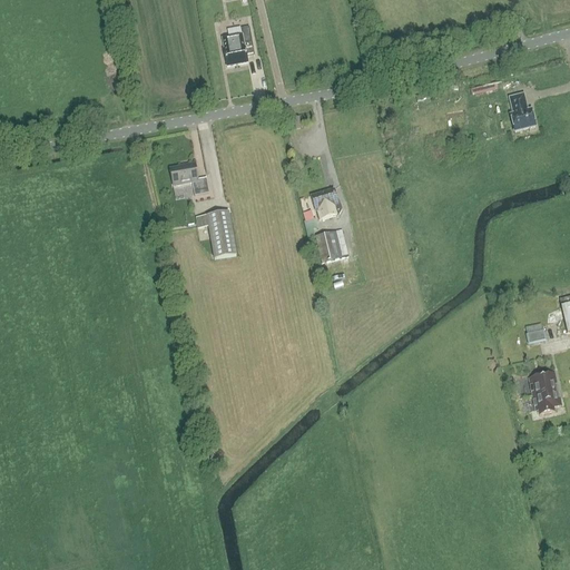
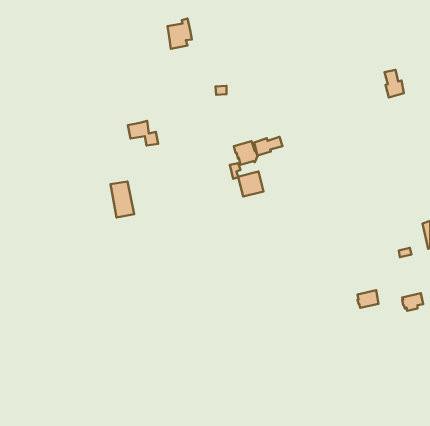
building: none -> [254,137,283,155]
building: [205,209,236,257] -> [111,182,134,218]
building: [529,371,557,394] -> [358,290,379,308]

